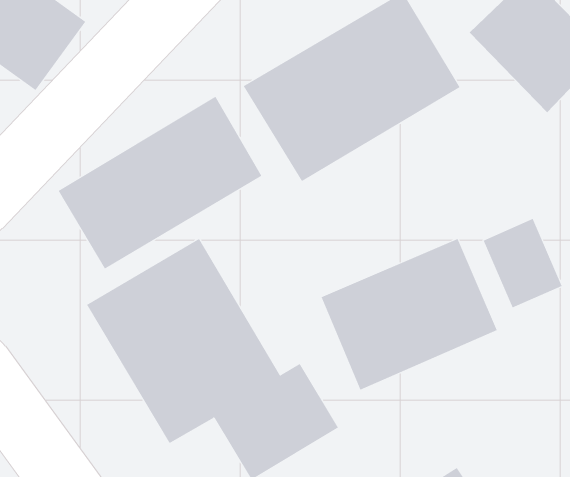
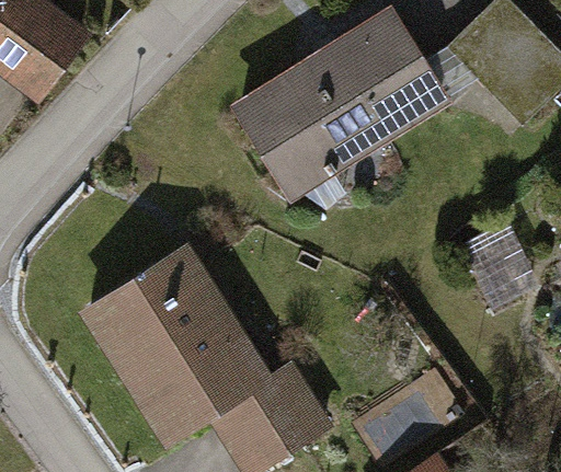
building: [58,96,262,270] -> none
building: [321,238,498,390] -> none

